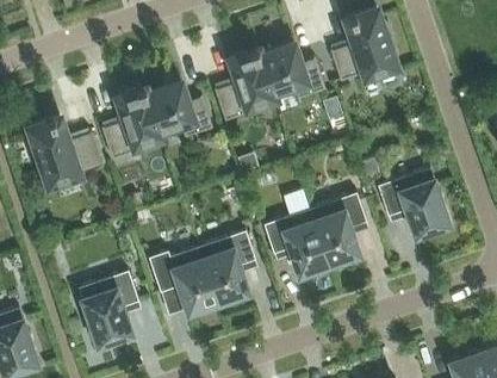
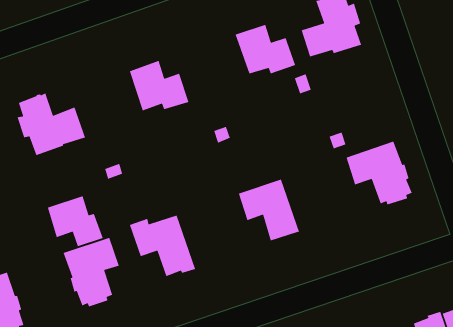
building: [215,49,275,120] -> none
building: [101,87,162,159] -> none
building: [310,193,366,267] -> none
building: none -> [47,195,104,247]
building: [199,230,255,305] -> none

